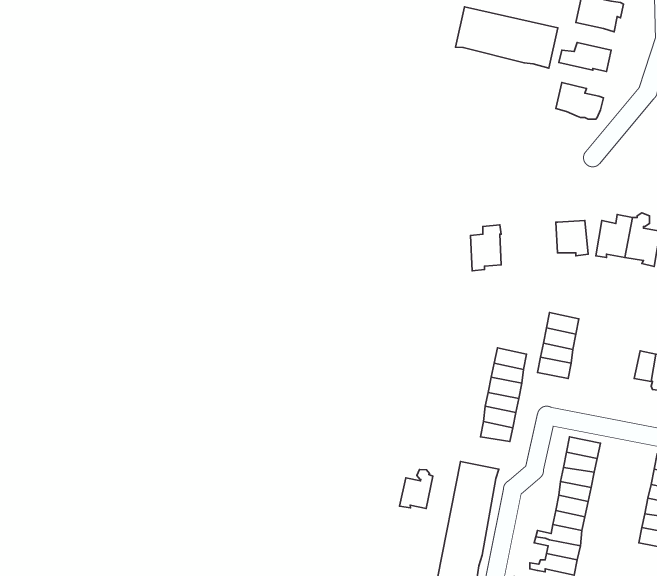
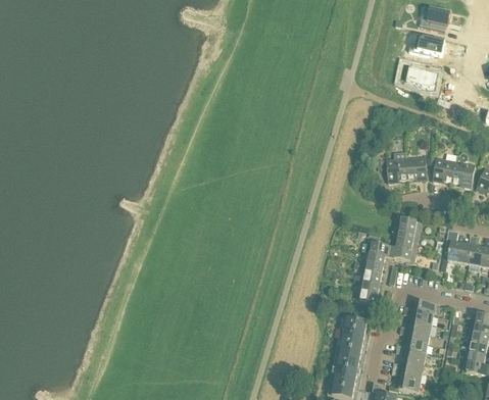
building: [455,7,558,68] -> none
building: [471,225,501,271] -> [386,151,406,182]
building: none -> [443,229,461,261]
building: [399,470,433,509] -> none

